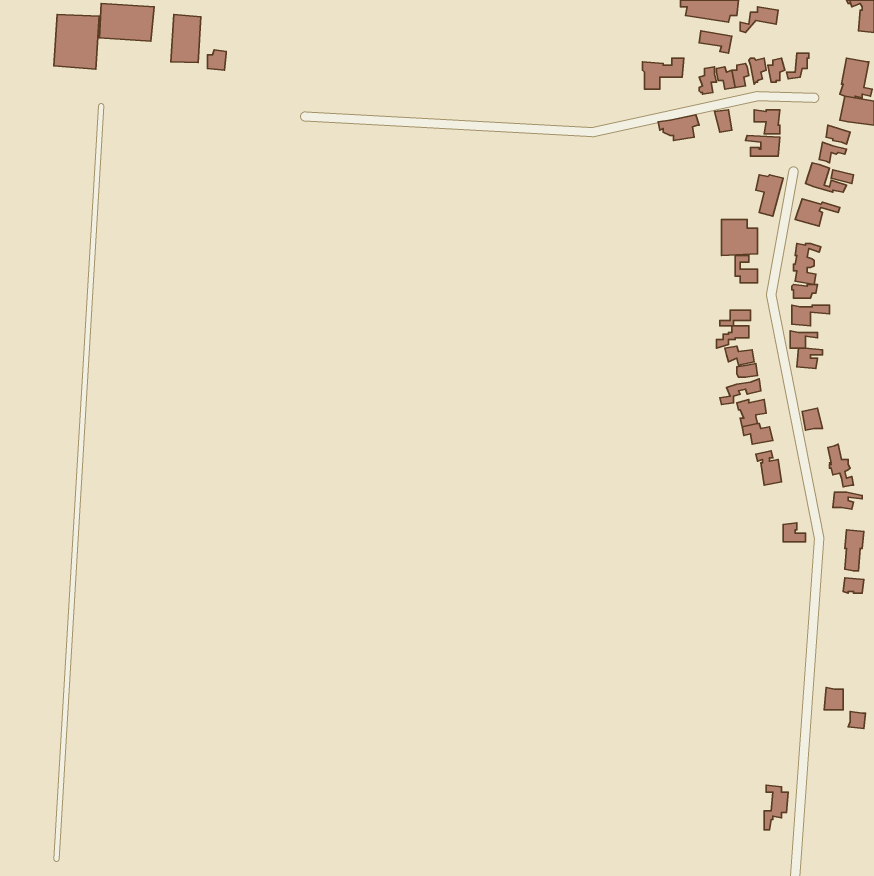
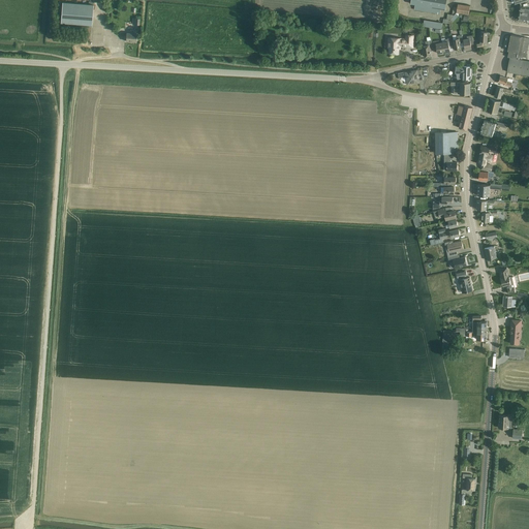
building: [171,15,201,63] -> none
building: [54,15,99,69] -> none

